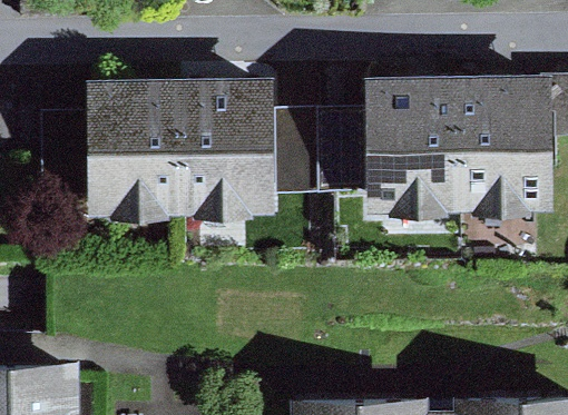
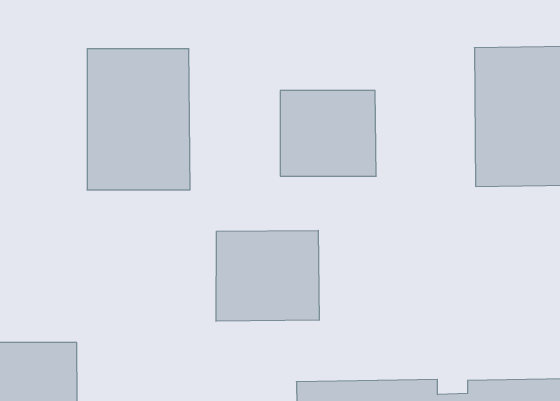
building: [366,71,463,206] -> none
building: [187,72,275,208] -> none
building: none -> [216,230,319,321]

